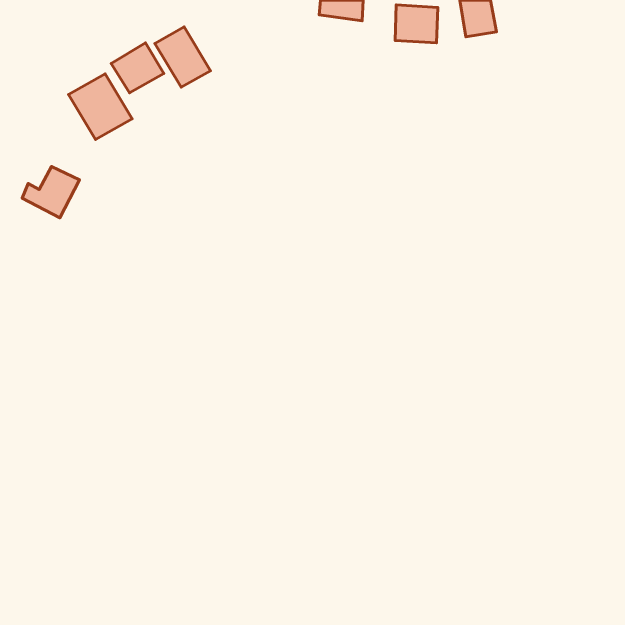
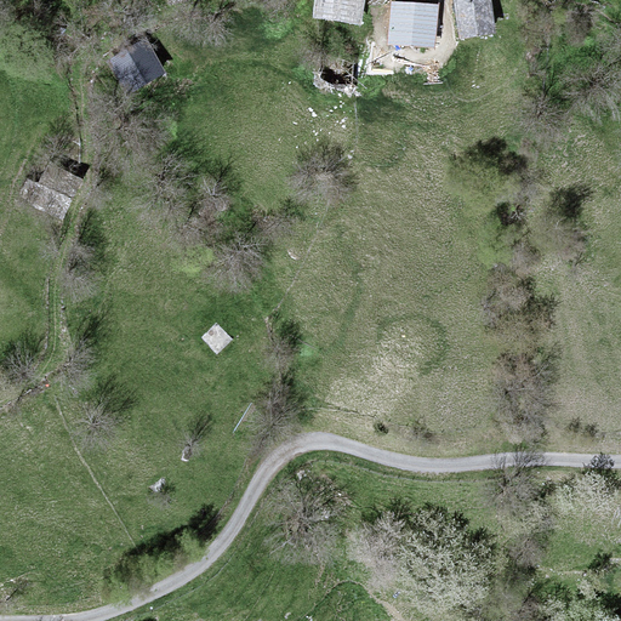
building: [155,27,211,87] -> none
building: [68,74,132,140] -> none

